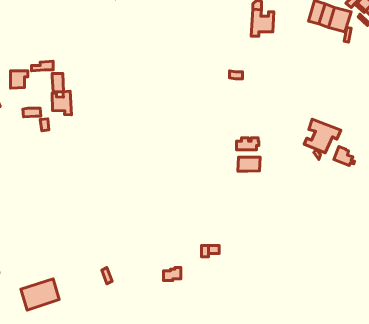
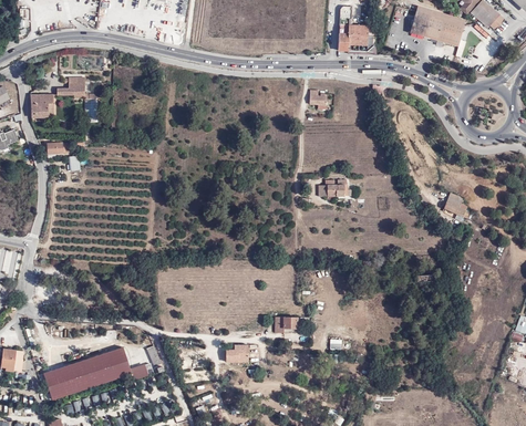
building: [52,91,71,115] -> none
building: [304,119,341,153] -> none
building: [238,157,260,171] -> none
building: none -> [85,347,154,386]

